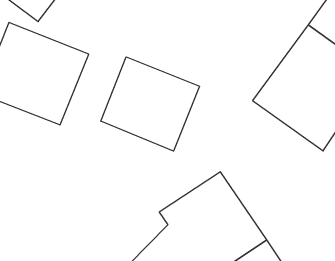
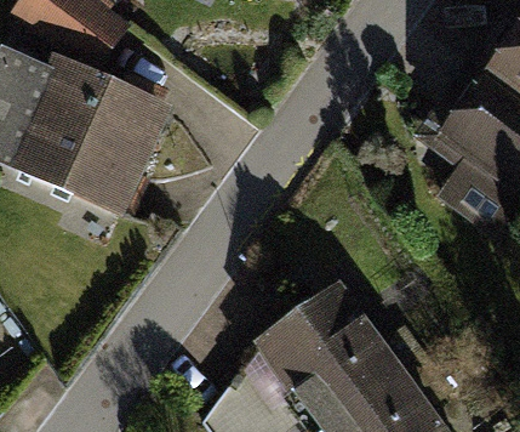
building: [101,57,200,151] -> none

